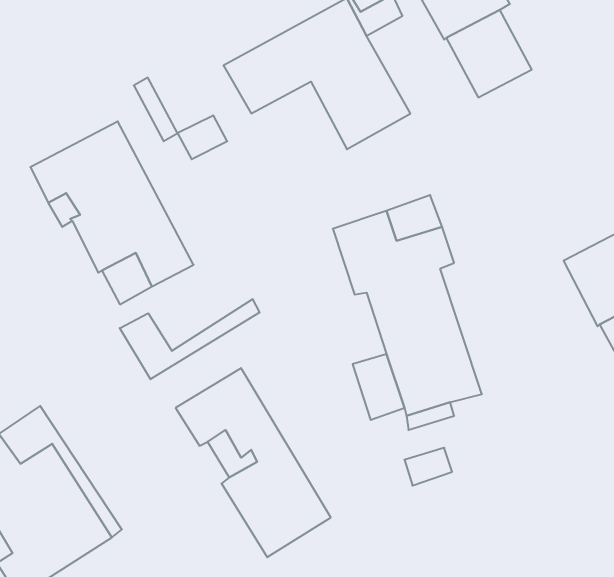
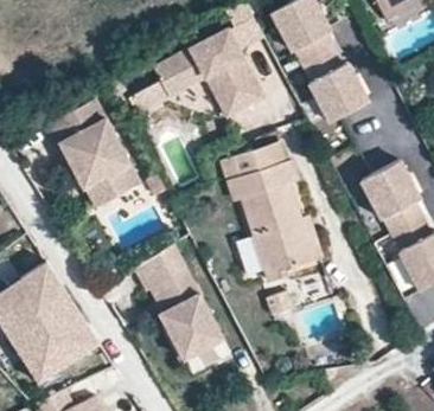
building: none -> [308,64,368,123]
building: [120,299,260,379] -> none

